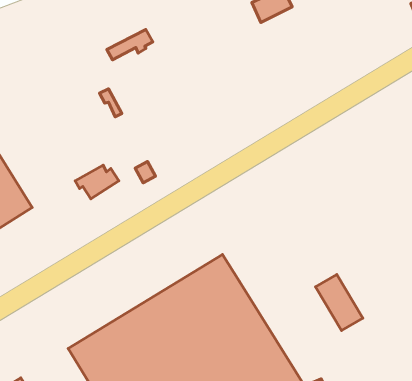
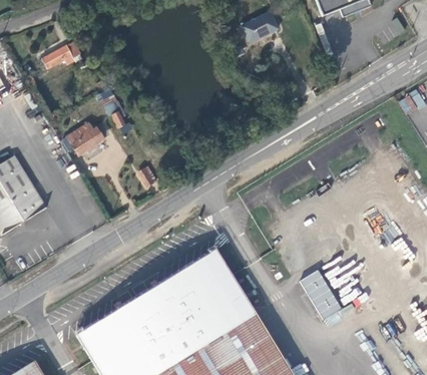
building: [107,29,153,60] -> [39,42,80,69]
building: [75,165,119,199] -> [64,123,103,153]

